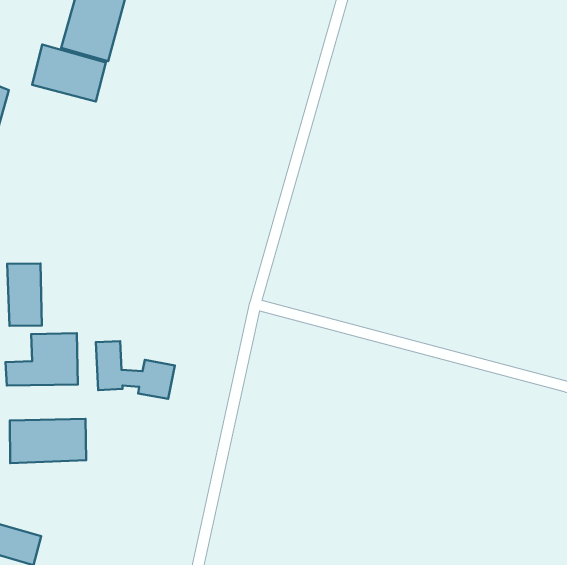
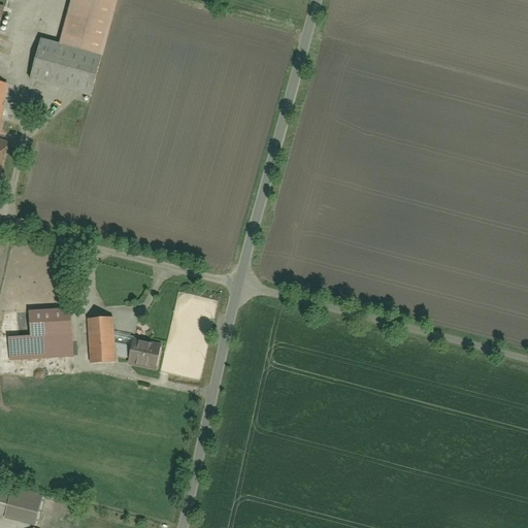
building: [7,263,42,326] -> none
building: [10,419,86,463] -> none

